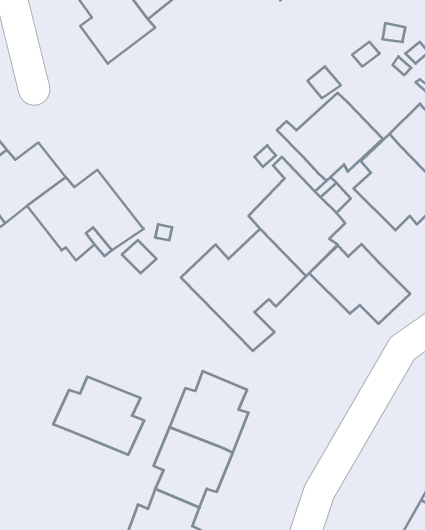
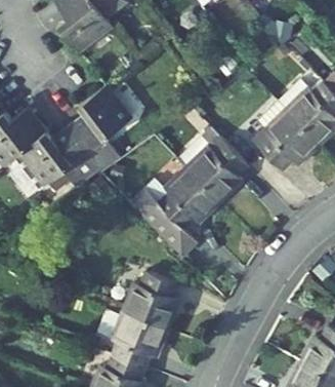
building: [277,93,383,181] -> none
building: none -> [70,87,130,170]
building: [309,244,410,324] -> none
building: [53,377,144,455] -> none

